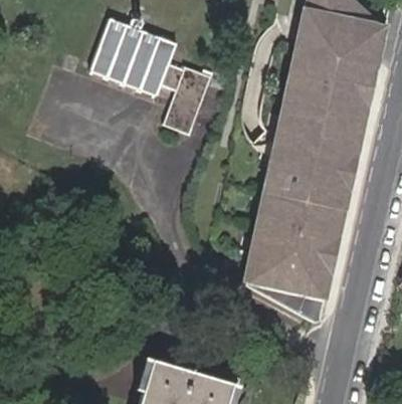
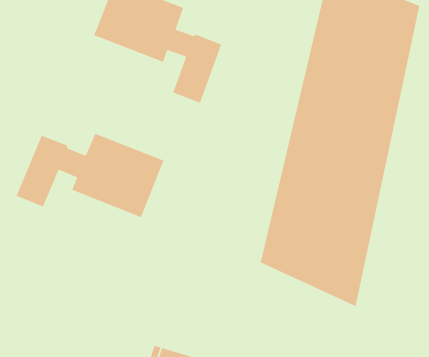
building: none -> [15,133,164,218]

